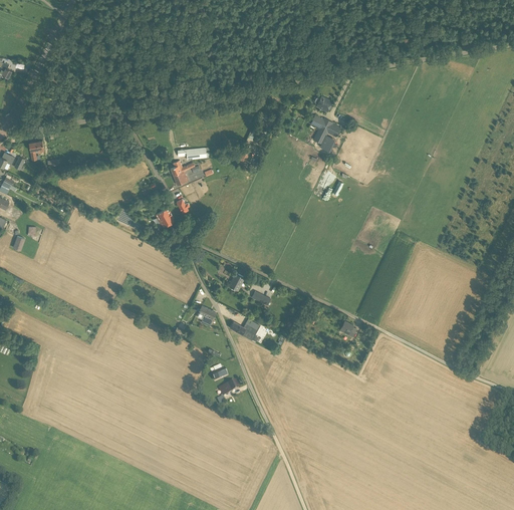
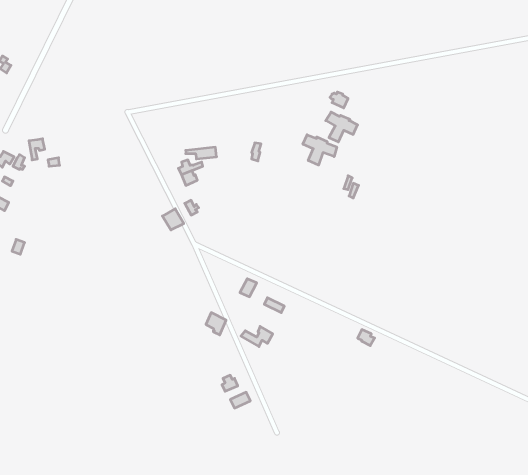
building: none -> [303,135,337,165]

